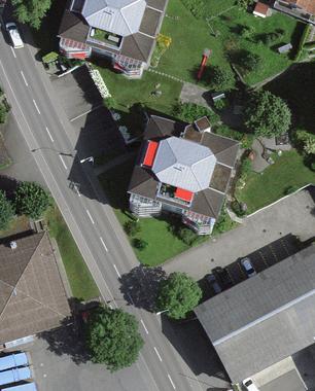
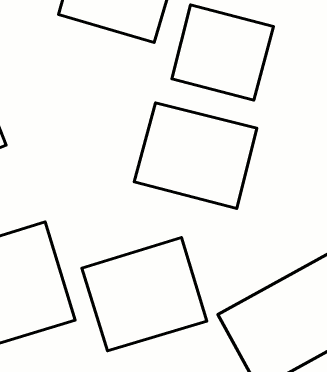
building: none -> [172,5,274,100]
building: none -> [82,237,207,351]

